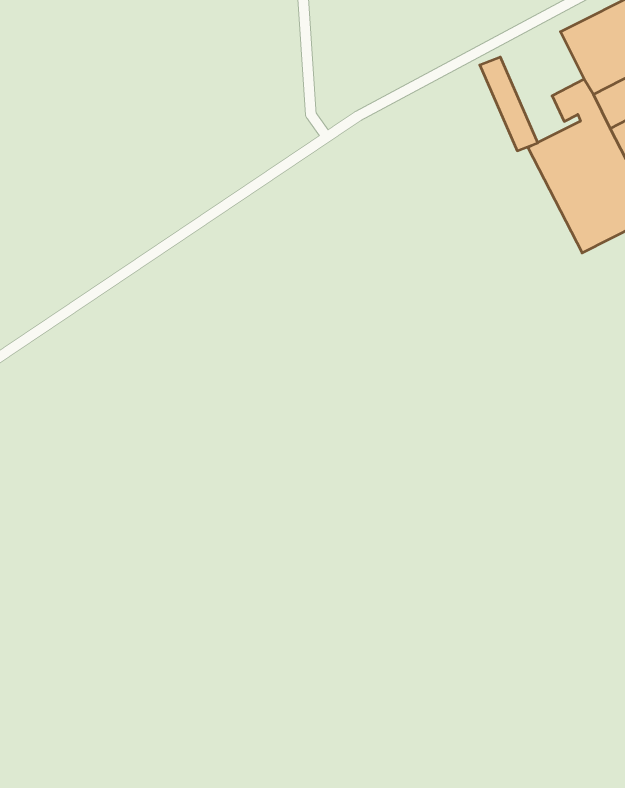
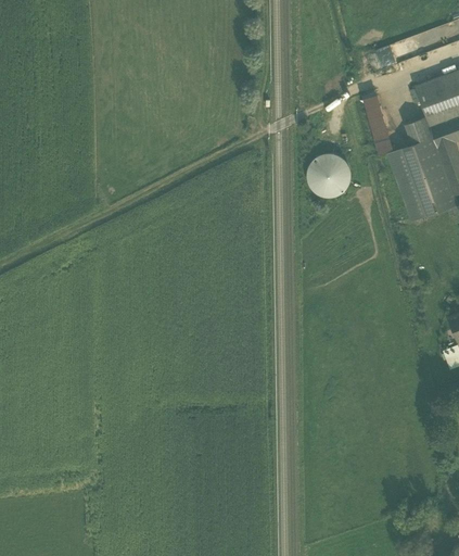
building: none -> [306,153,349,198]

